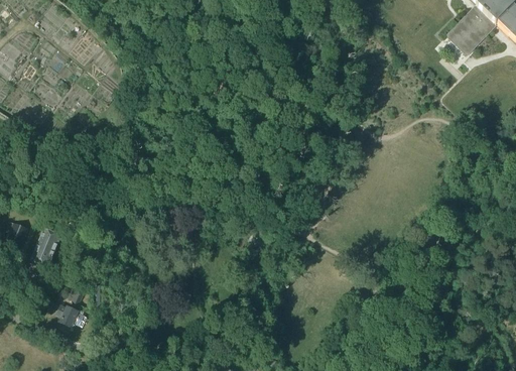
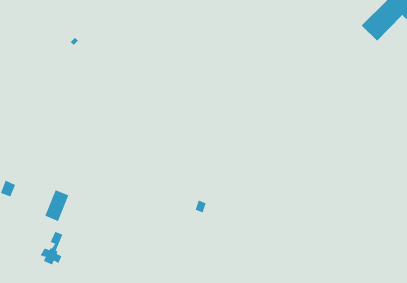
building: [32,225,62,264] -> [44,189,69,222]

